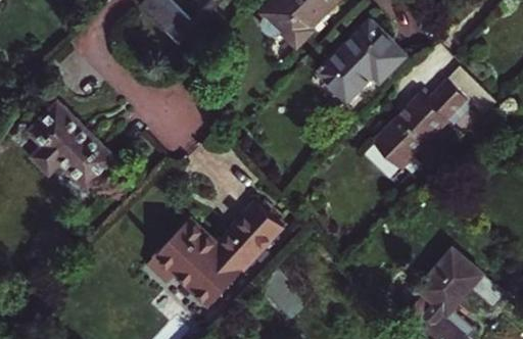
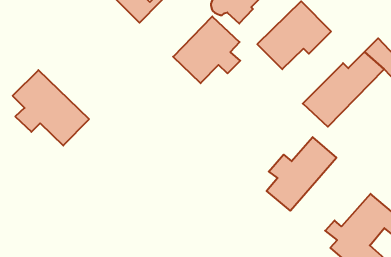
building: none -> [173,16,240,83]
building: none -> [267,137,336,211]
building: [148,203,282,306] -> none

